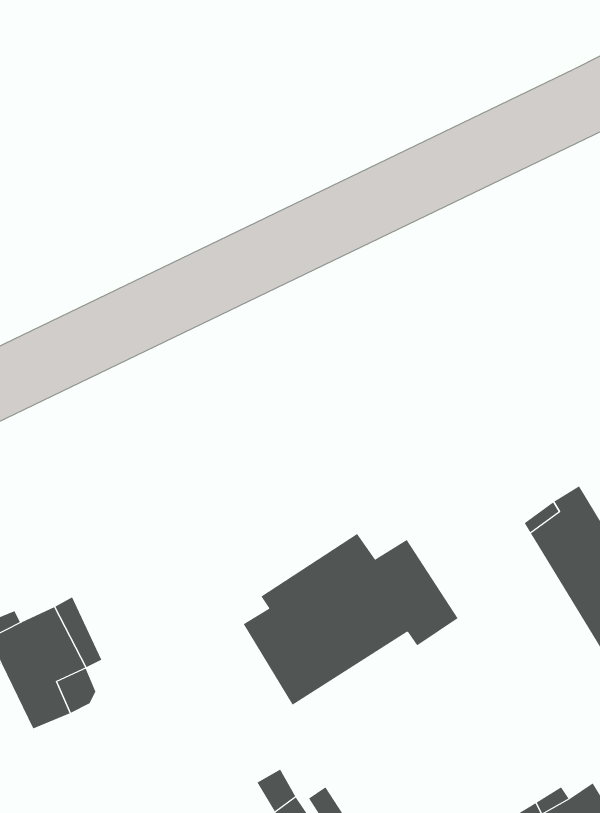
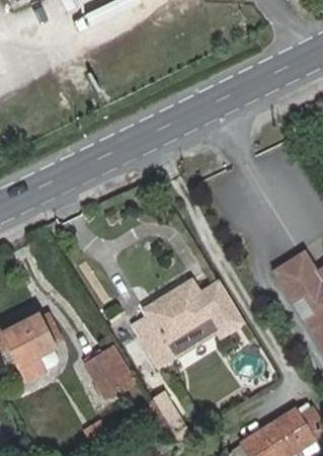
building: none -> [83,347,135,397]

